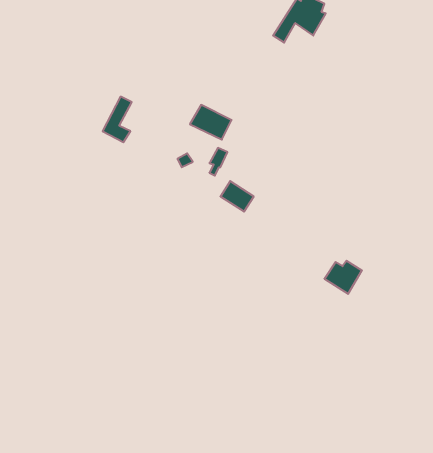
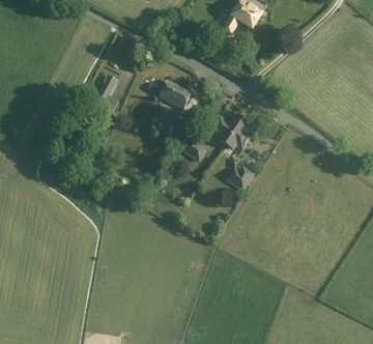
building: none -> [212,117,251,149]
building: [324,261,362,294] -> [227,167,255,192]

